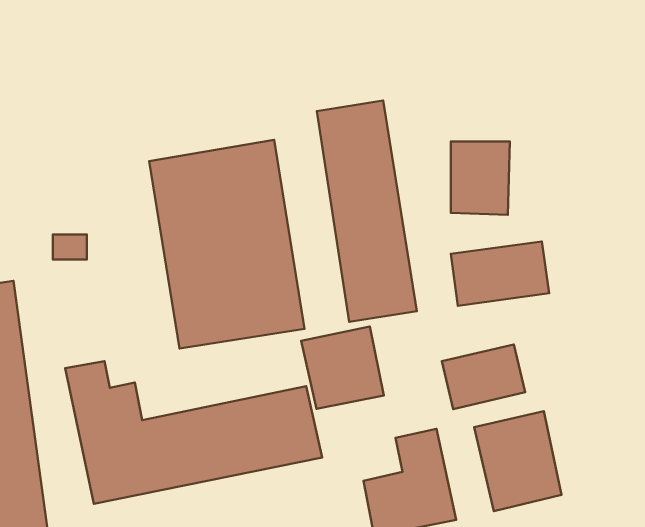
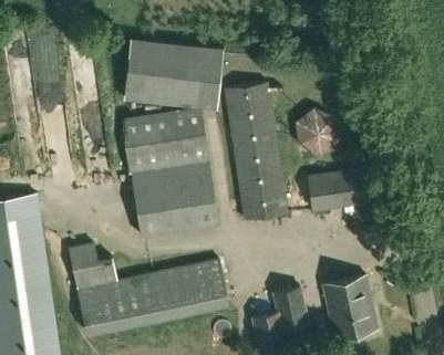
building: none -> [125,40,220,106]
building: [301,327,384,409] -> none
building: [442,344,525,409] -> none

